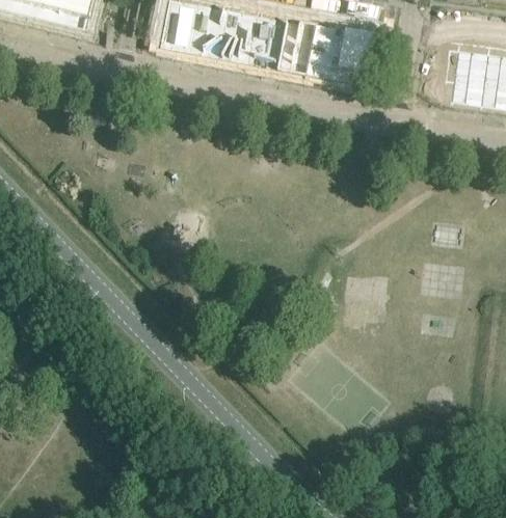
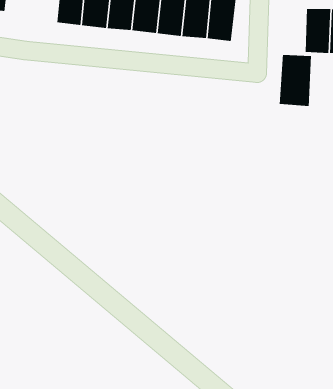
building: none -> [279,54,311,107]

